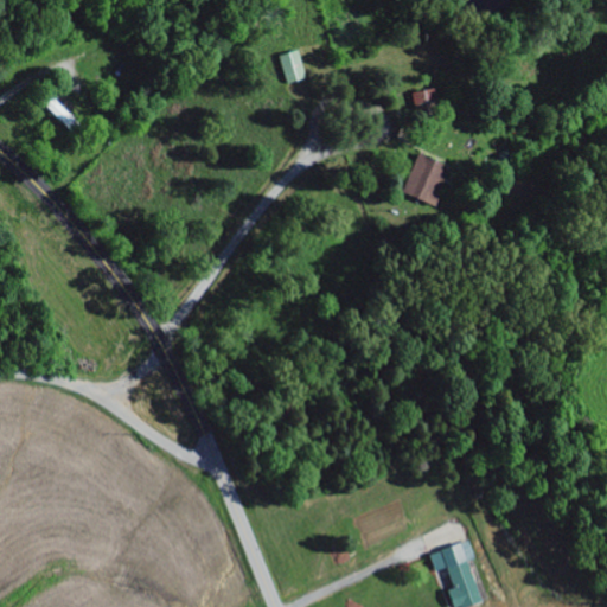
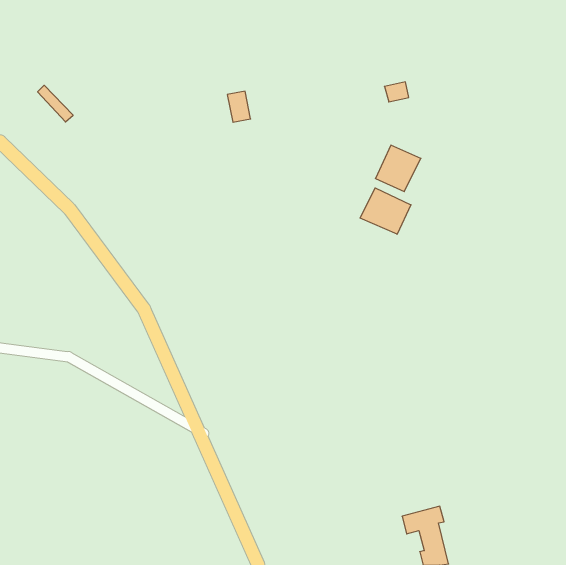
building: [280,50,305,83] -> [227,91,251,122]
building: none -> [360,188,411,234]

